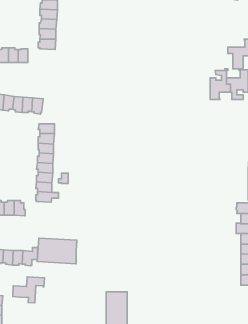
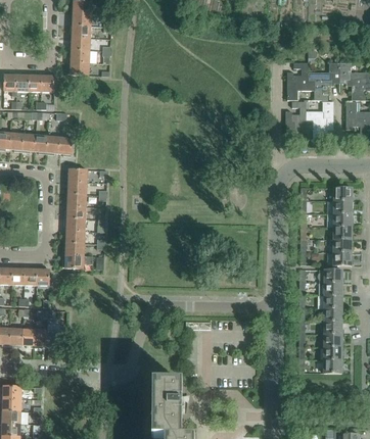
building: none -> [286,61,314,99]
building: [37,238,77,264] -> none
building: [13,277,44,303] -> none

